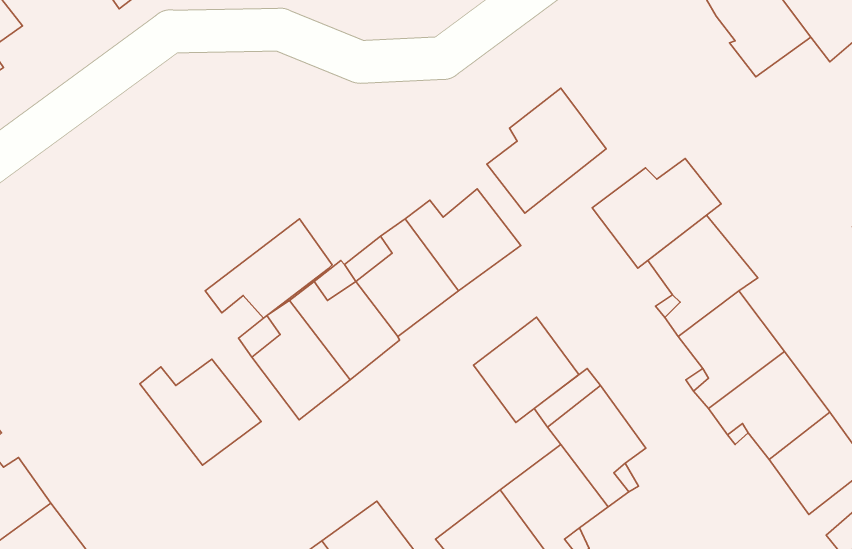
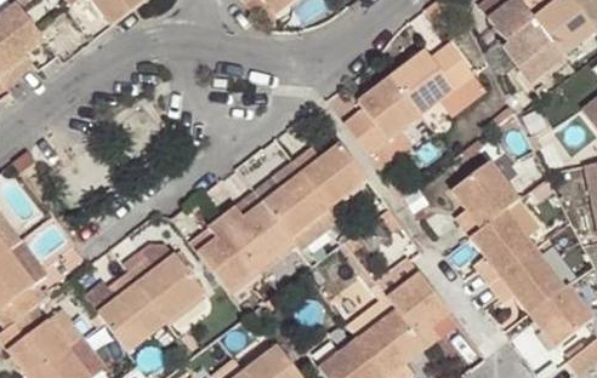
building: [592,158,721,268] -> [396,47,478,118]
building: [205,219,332,318] -> none
building: [473,317,579,422] -> none
building: none -> [98,268,166,350]

